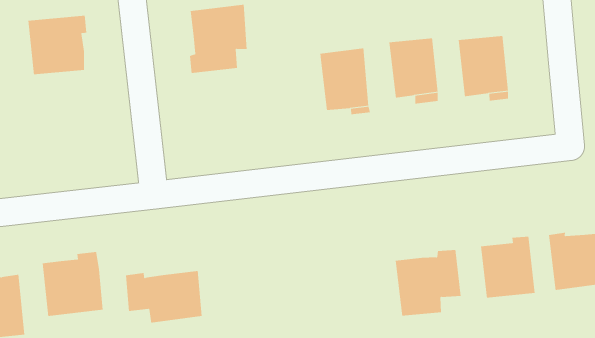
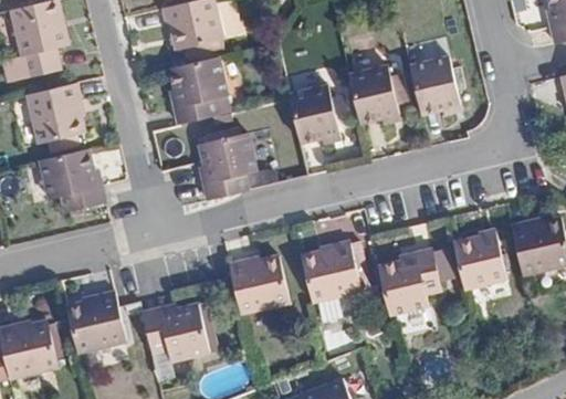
building: none -> [40,149,105,212]
building: none -> [199,134,254,199]
building: none -> [301,240,360,303]
building: none -> [228,256,289,315]

